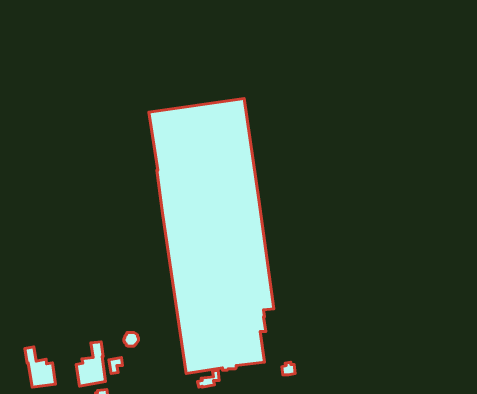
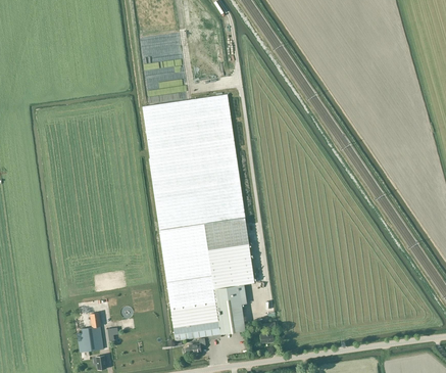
building: [25,347,56,387] -> none

